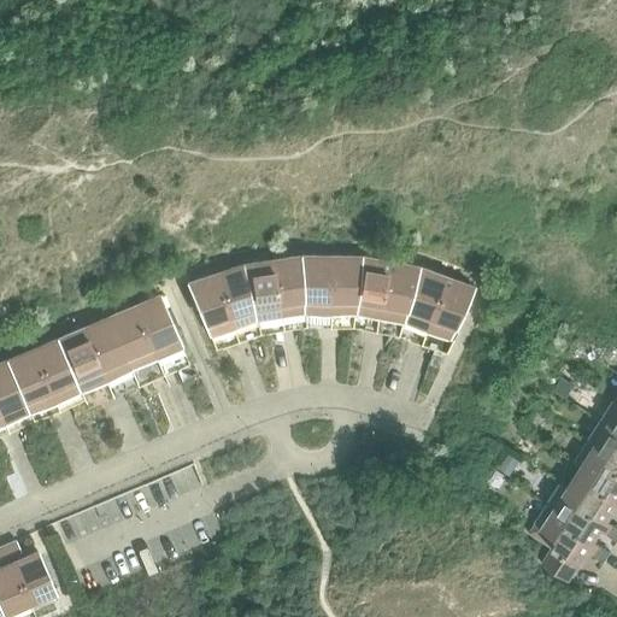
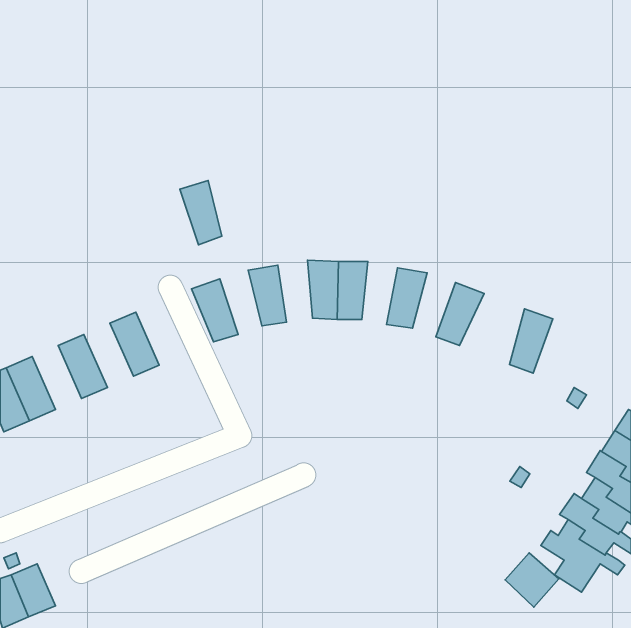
building: [271,257,305,317] -> none
building: [353,258,388,319] -> none
building: [215,266,255,329] -> [180,181,222,245]
building: [402,269,445,331] -> [510,309,553,373]
building: [133,296,181,359] -> none
building: [82,318,130,381] -> none
building: [31,340,80,402] -> none
building: none -> [505,553,559,607]

